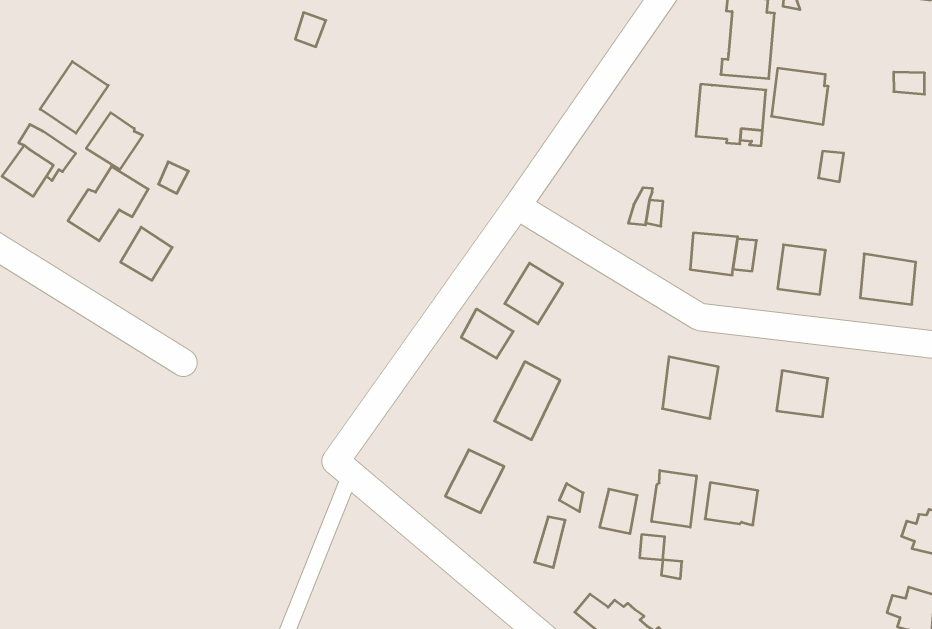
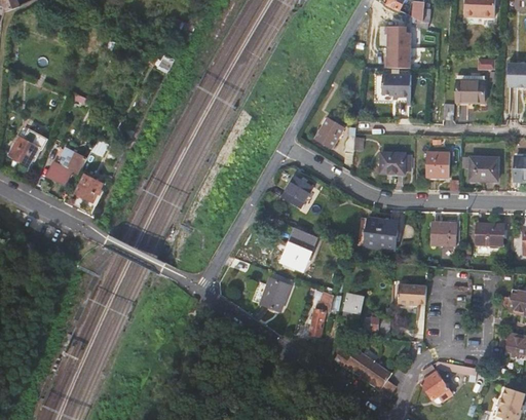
building: [40,61,108,133] -> none
building: [771,68,828,125] -> [456,75,485,103]
building: [86,113,143,169] -> none
building: none -> [315,117,344,148]
building: [461,309,513,358] -> none
building: none -> [476,224,502,256]
building: [652,470,696,527] -> none

